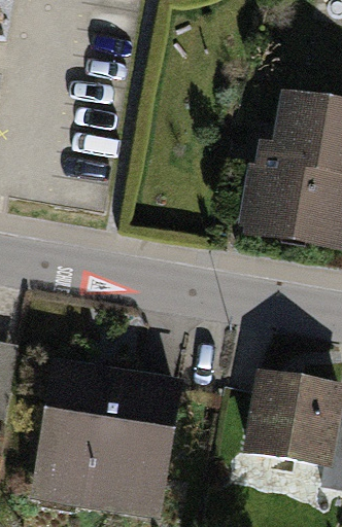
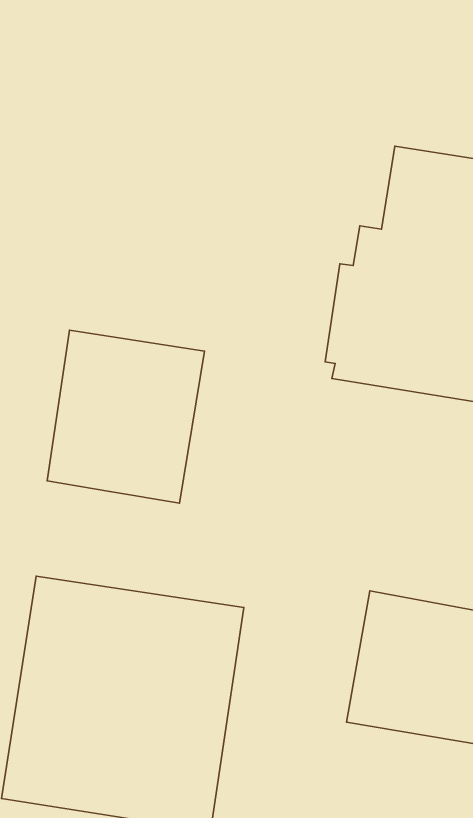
building: none -> [47,330,204,503]

